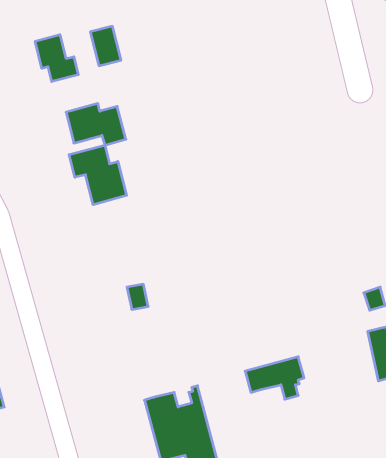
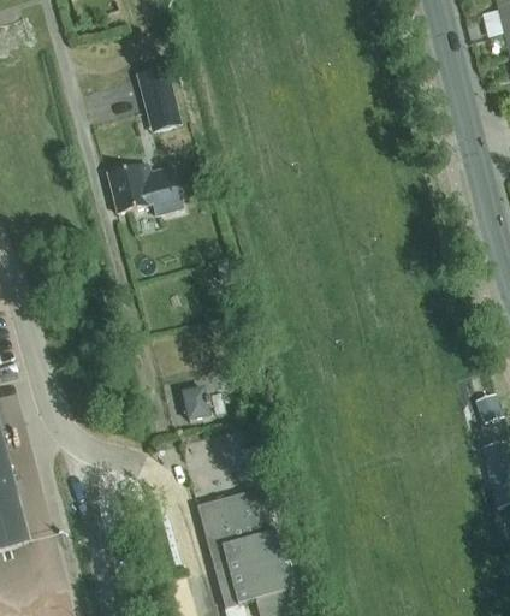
building: [35,35,78,82] -> none
building: [69,145,127,205] -> none
building: [245,357,304,399] -> [197,487,271,540]

